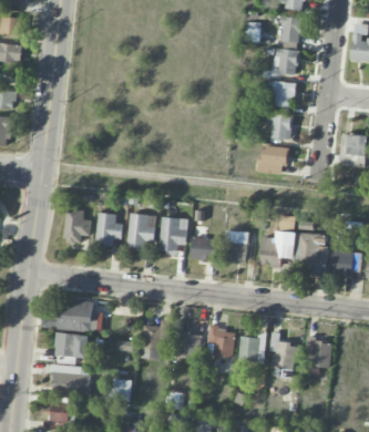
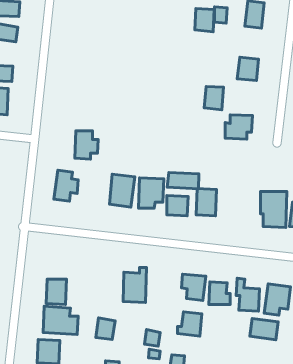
building: [275,49,297,75] -> [195,8,214,32]
building: [269,114,291,141] -> [204,86,224,110]
building: none -> [167,173,199,189]
building: [95,214,122,246] -> [75,131,98,159]
building: [258,232,296,268] -> none
building: [58,299,102,330] -> none
building: [173,332,201,360] -> [178,312,202,336]
building: none -> [250,318,278,340]

